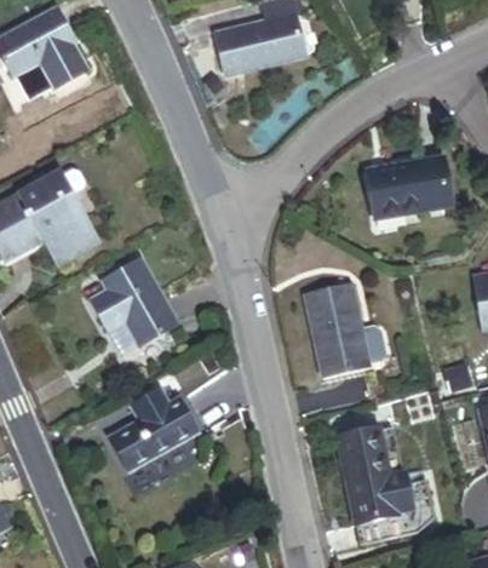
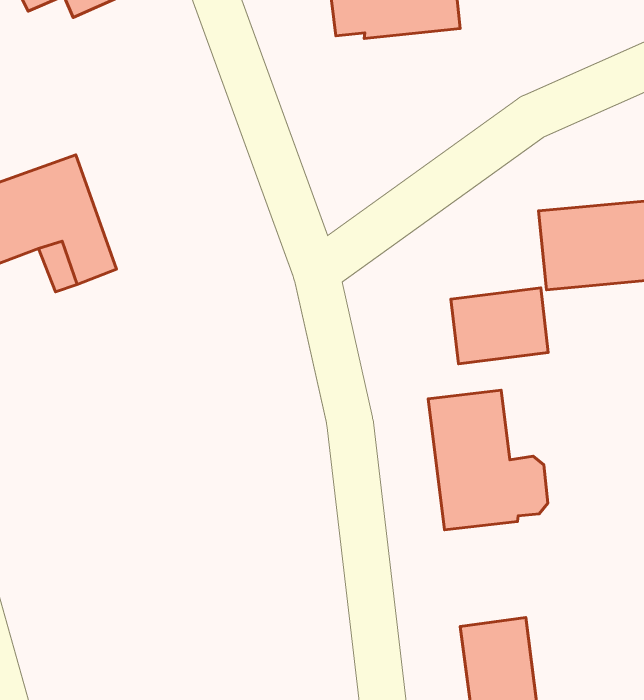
building: none -> [451,288,548,364]
building: [96,257,178,340] -> none
building: [111,391,205,474] -> none

